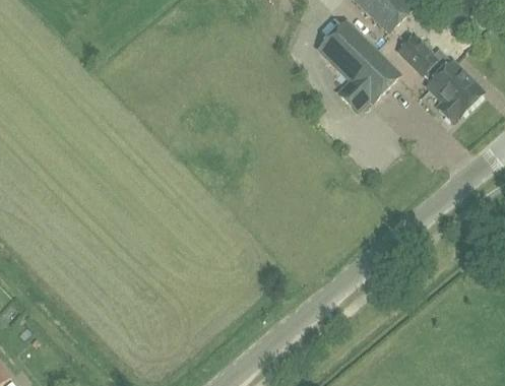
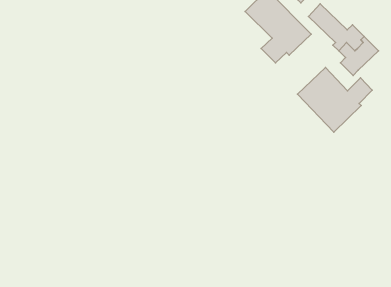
building: none -> [297,68,372,132]

